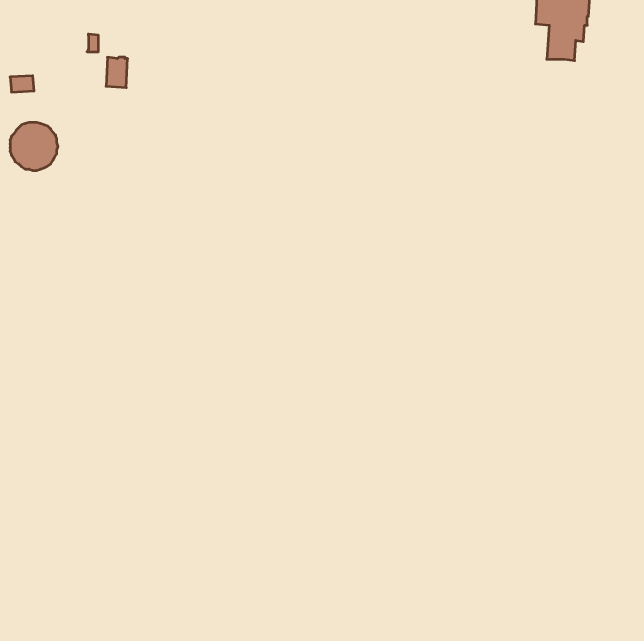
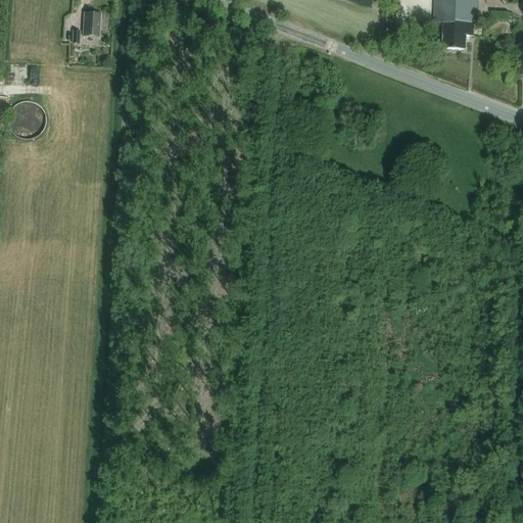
building: [106,57,128,88] -> [82,10,99,35]

